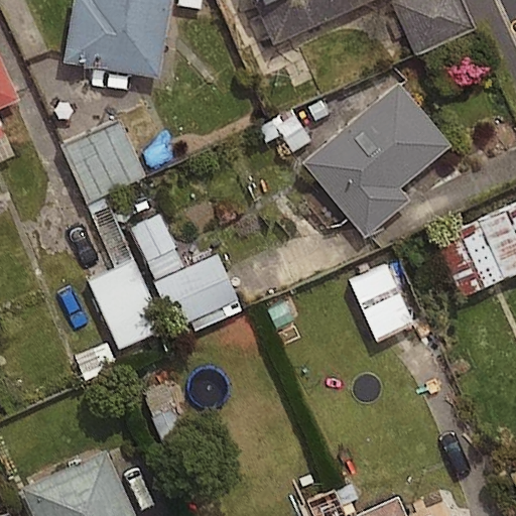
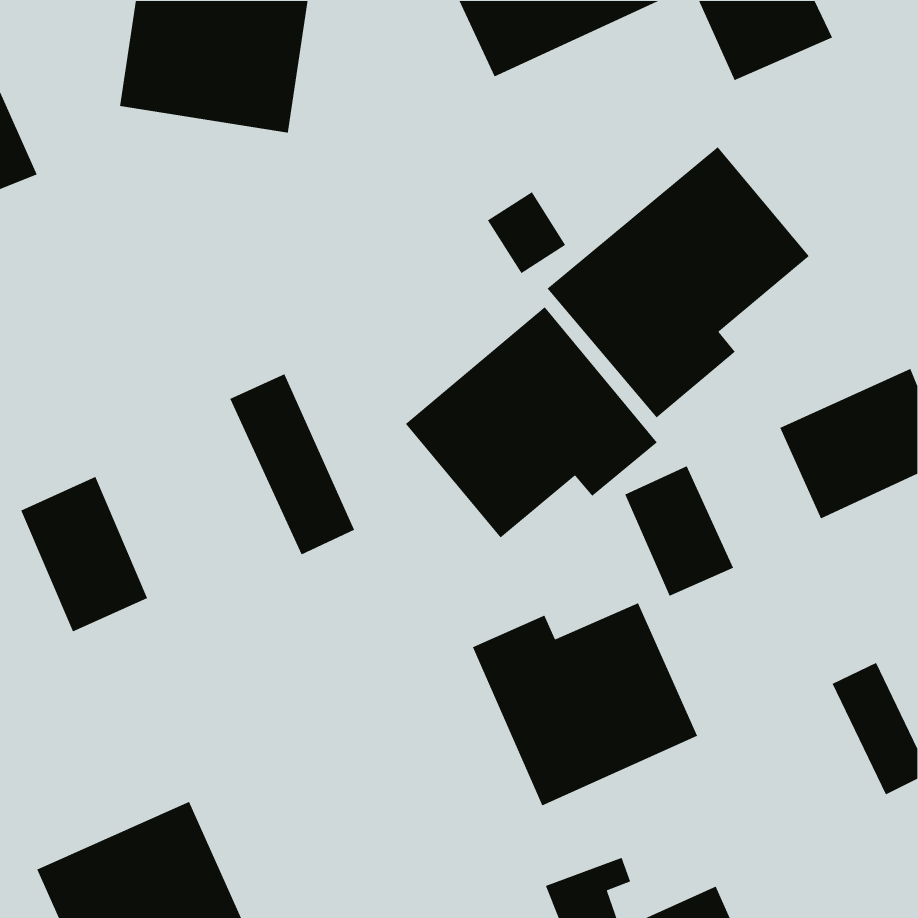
building: [60,119,143,197] -> none
building: none -> [405,306,658,538]
building: [88,257,159,345] -> [20,476,148,633]
building: none -> [472,602,698,806]

